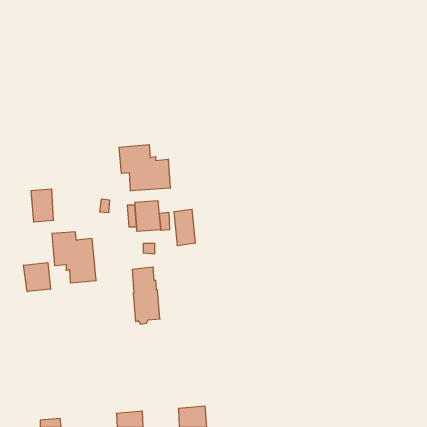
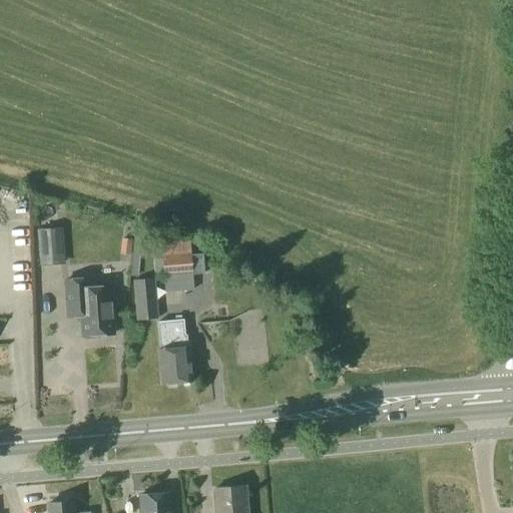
building: [119,145,170,191] -> none
building: [174,209,196,245] -> [132,278,158,321]
building: [24,263,51,292] -> none

